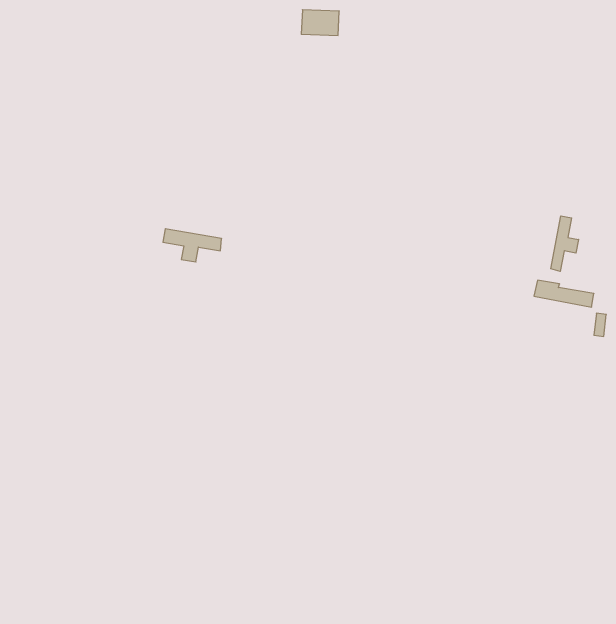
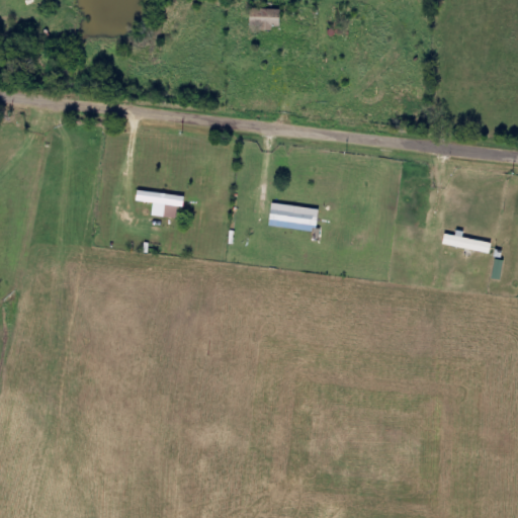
building: [551,216,579,271] -> none
building: none -> [268,205,317,226]

